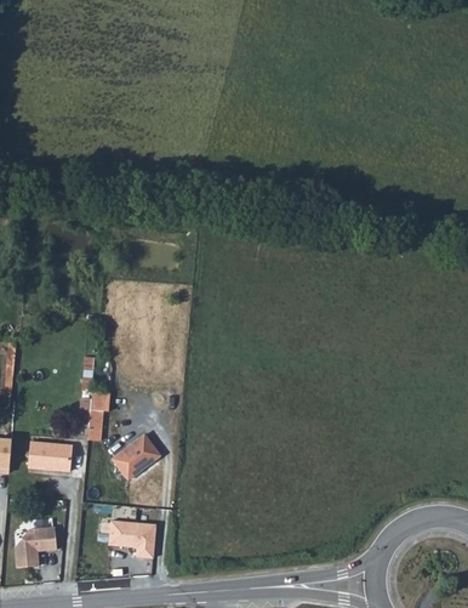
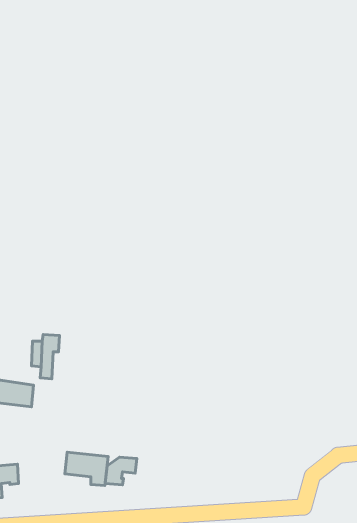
building: [110,433,155,476] -> none
building: none -> [105,457,137,485]

